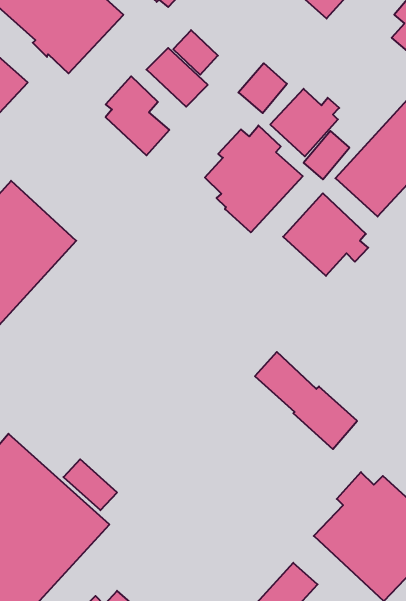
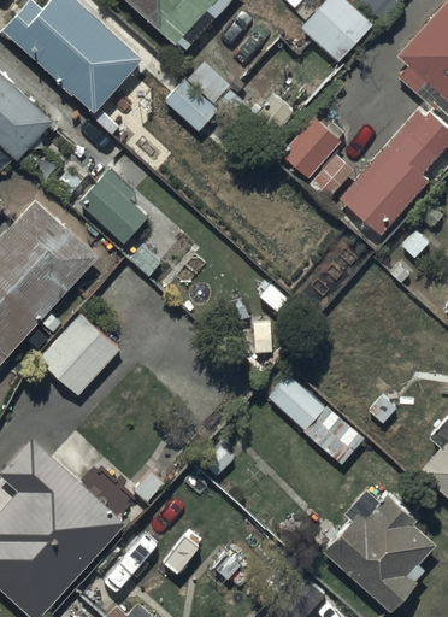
building: [106,76,169,155] -> [82,165,142,240]
building: [205,125,303,232] -> none
building: [283,193,368,276] -> none
building: none -> [37,311,118,392]

